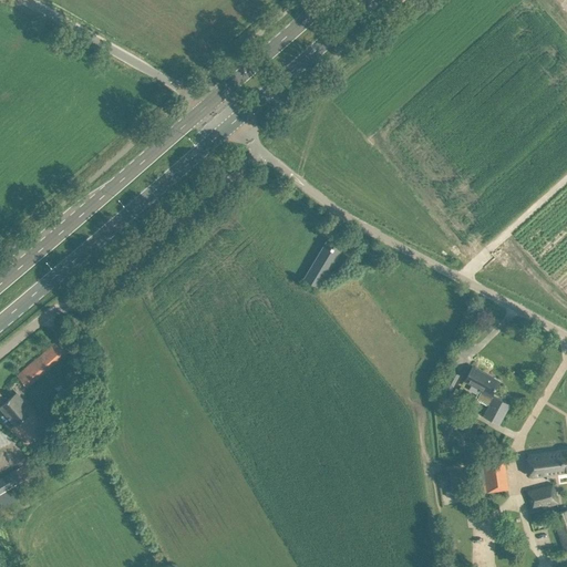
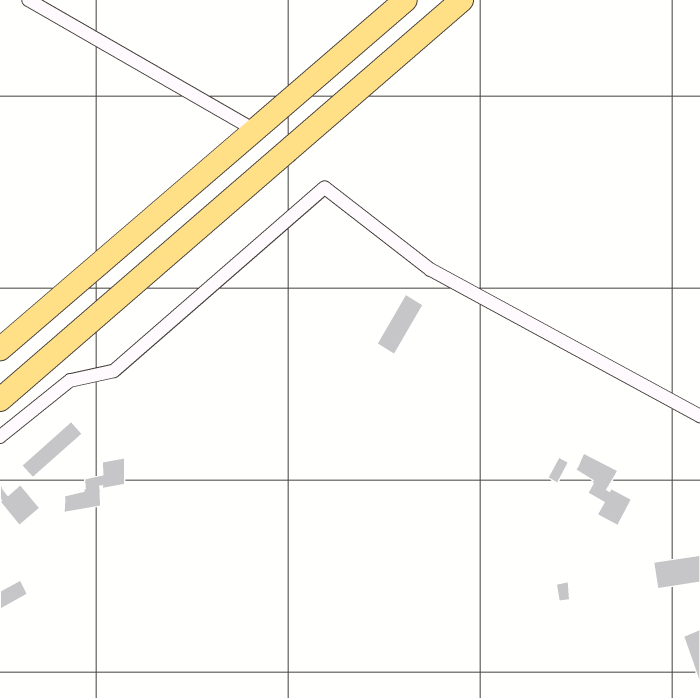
building: none -> [64,458,125,513]
building: [483,460,508,493] -> none
building: [527,486,557,511] -> none

